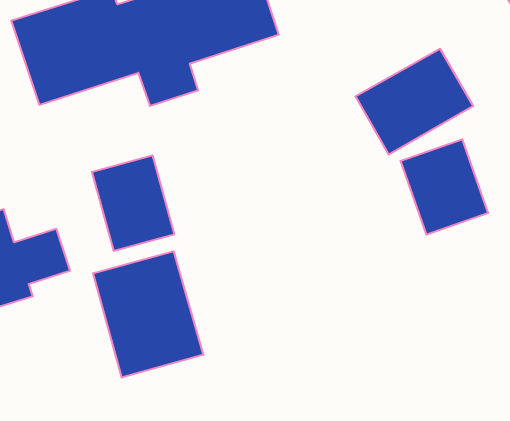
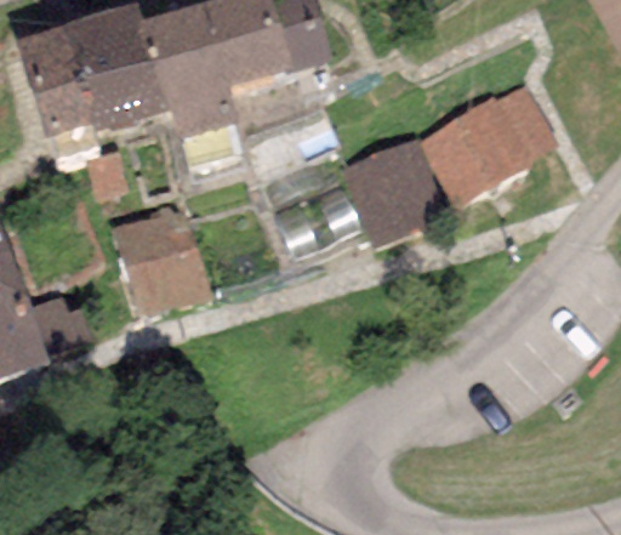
building: [400,139,488,235] -> [341,136,444,247]
building: [93,251,203,378] -> none

